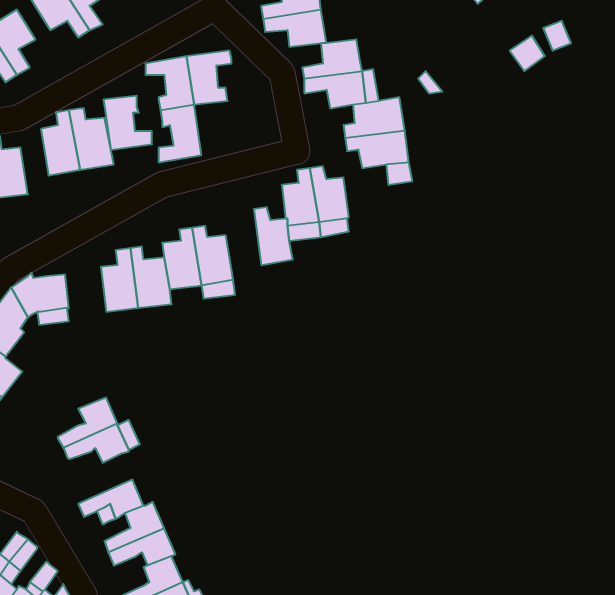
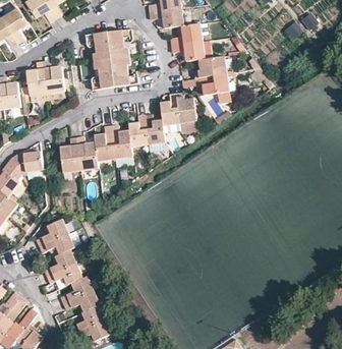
building: [103,96,152,150] -> [111,57,137,86]
building: none -> [127,116,148,149]
building: none -> [45,249,77,277]

